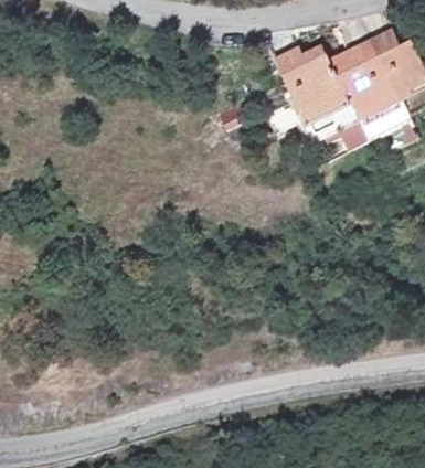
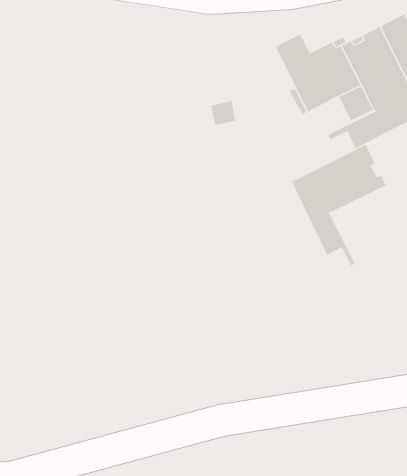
building: none -> [291,144,387,267]

